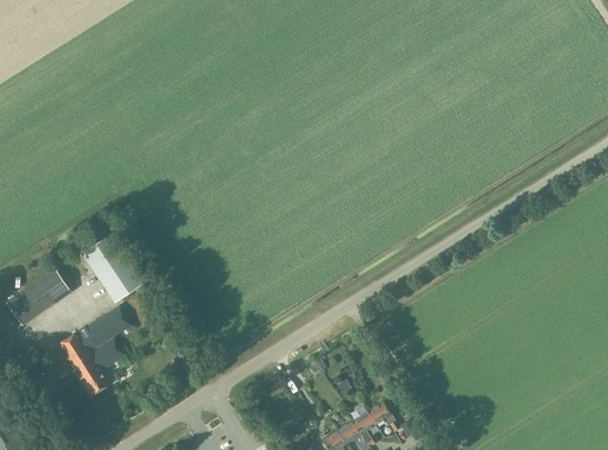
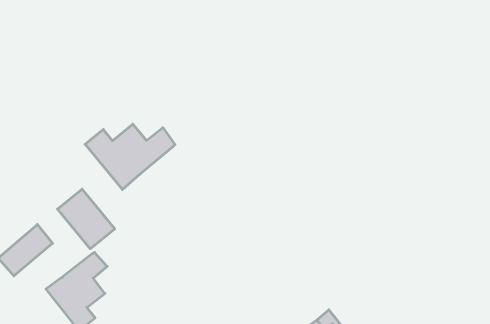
building: none -> [85,124,175,190]

